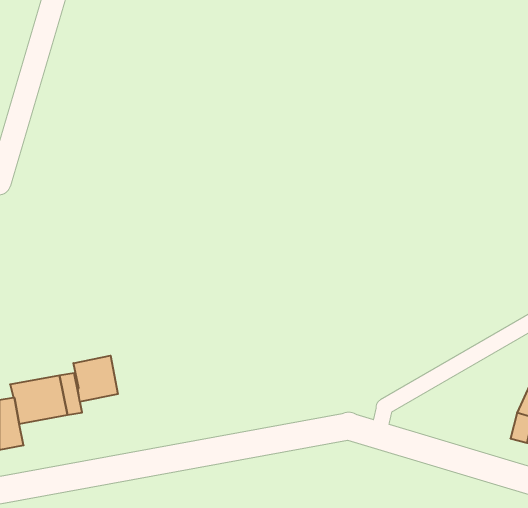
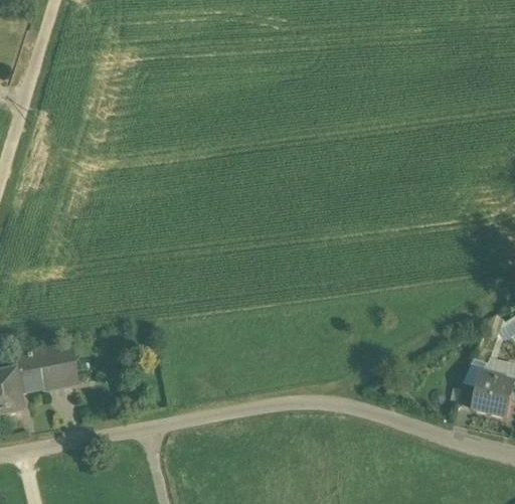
building: [73,356,118,402] -> none

